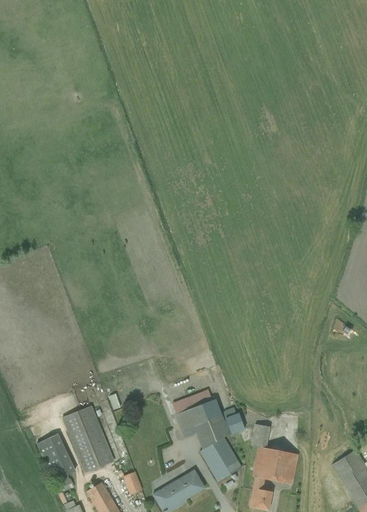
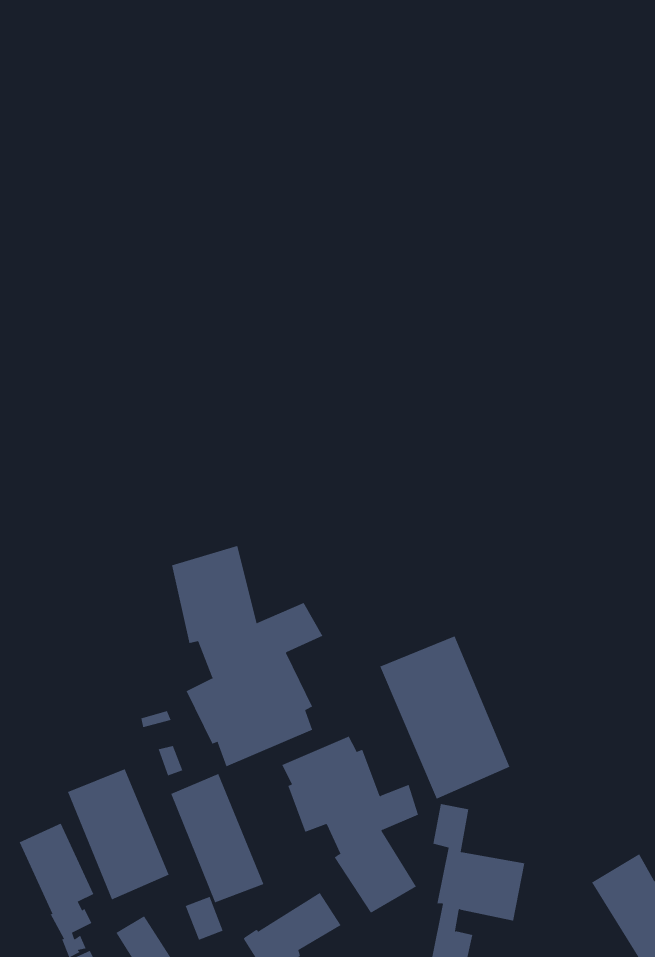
building: none -> [171,545,323,767]
building: none -> [379,636,510,800]
building: none -> [170,773,264,903]

